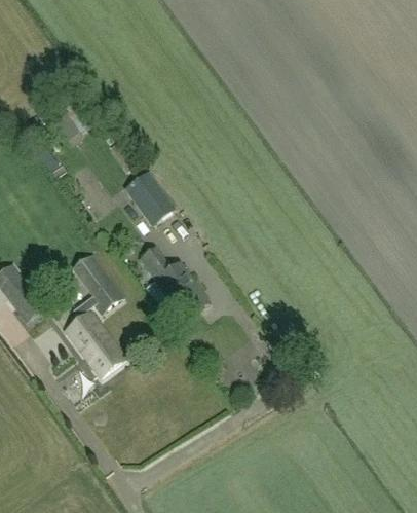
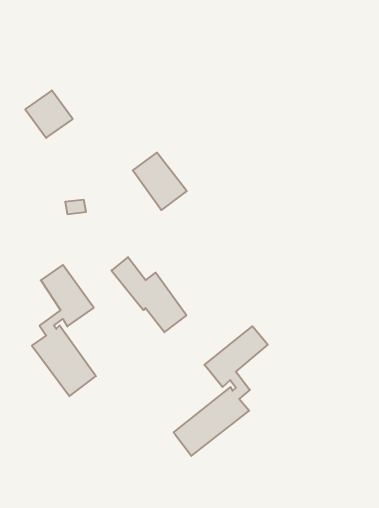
building: [124,172,175,225] -> [133,153,187,210]
building: none -> [174,326,268,456]

